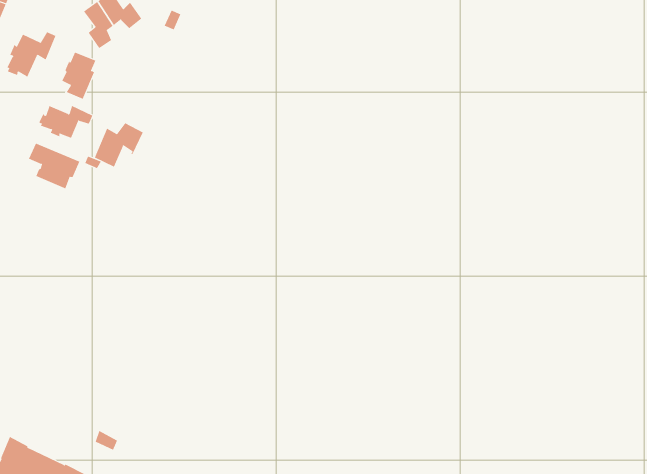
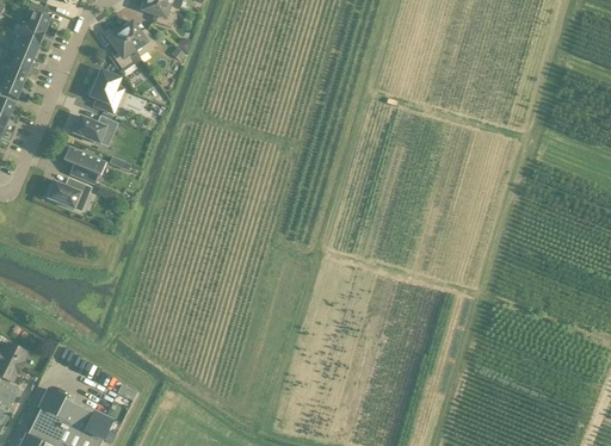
building: [6,31,56,78] -> none
building: [94,122,143,167] -> none
building: none -> [48,179,91,207]

